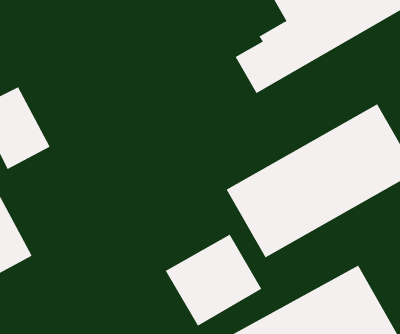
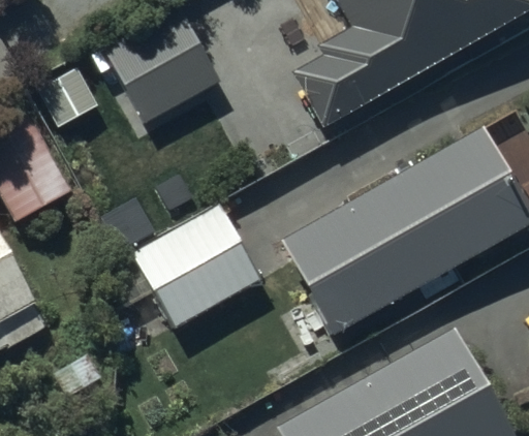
building: none -> [110,14,217,121]
building: [165,234,262,326] -> [135,207,258,323]

